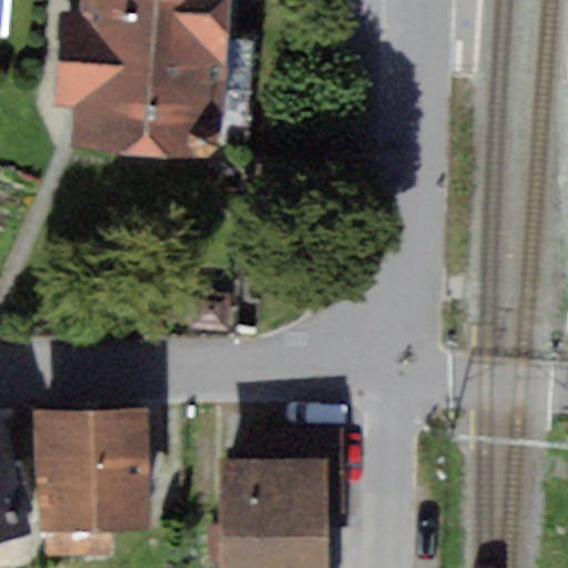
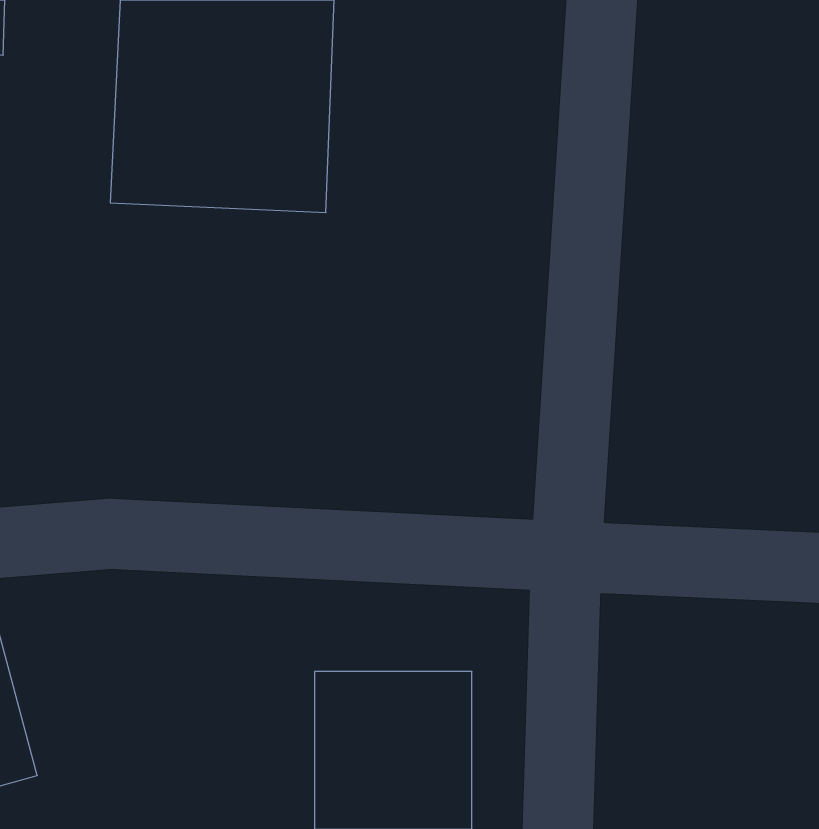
building: [32,413,148,529] -> none

